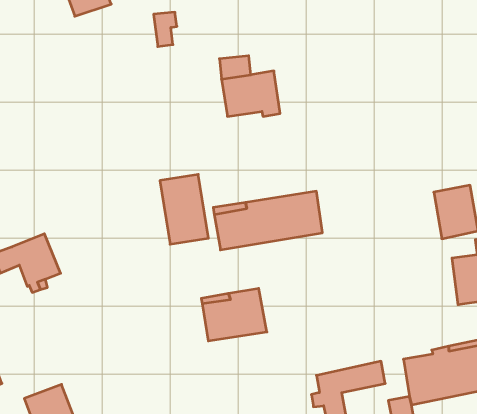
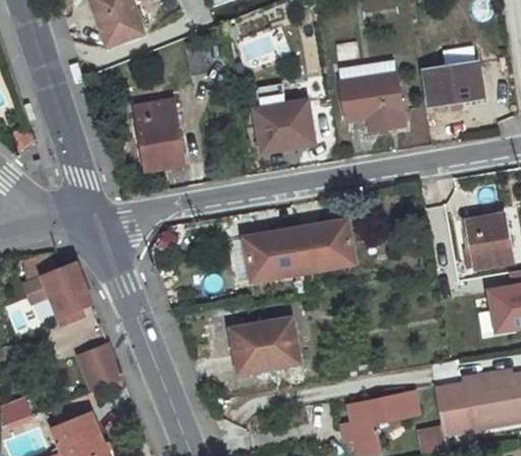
building: none -> [339,59,405,128]
building: none -> [423,60,481,104]
building: [160,174,208,244] -> [134,100,183,170]
building: none -> [78,346,123,392]

